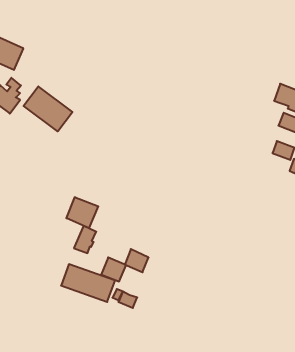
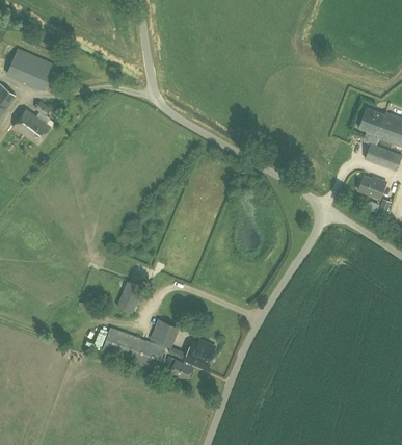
building: [24,86,72,131] -> none
building: [66,197,98,228] -> none
building: [125,249,149,272] -> [186,341,215,369]

